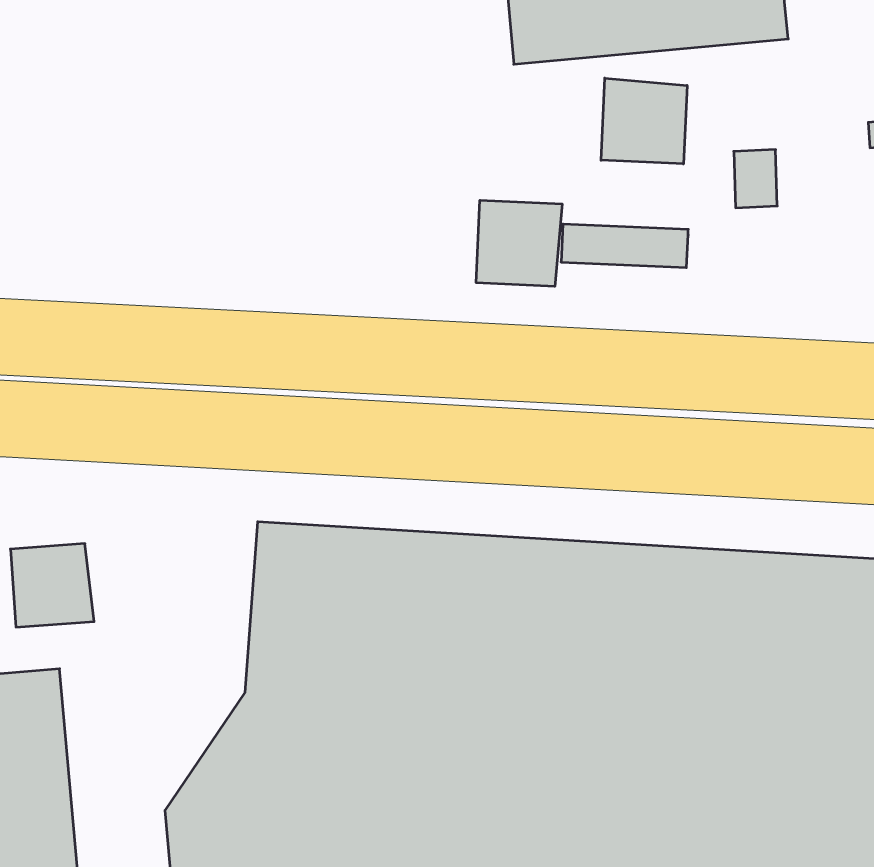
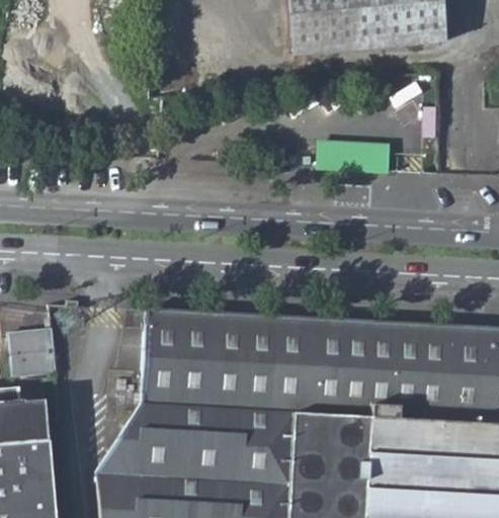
building: [601,78,687,164] -> none
building: [476,200,562,286] -> none

